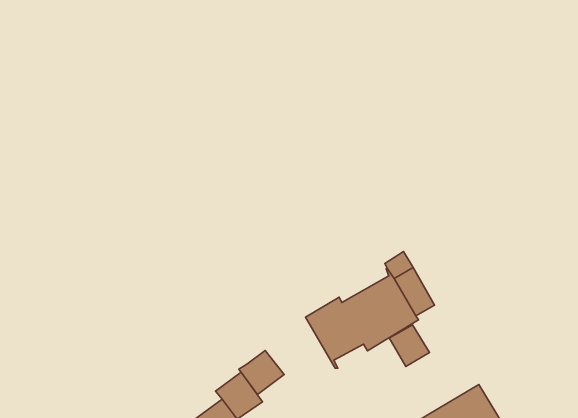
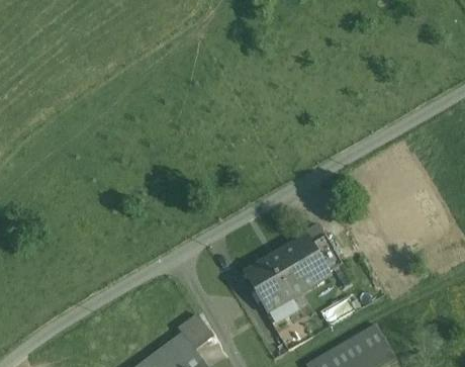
building: [389,325,430,367] -> none
building: [239,351,284,394] -> none

